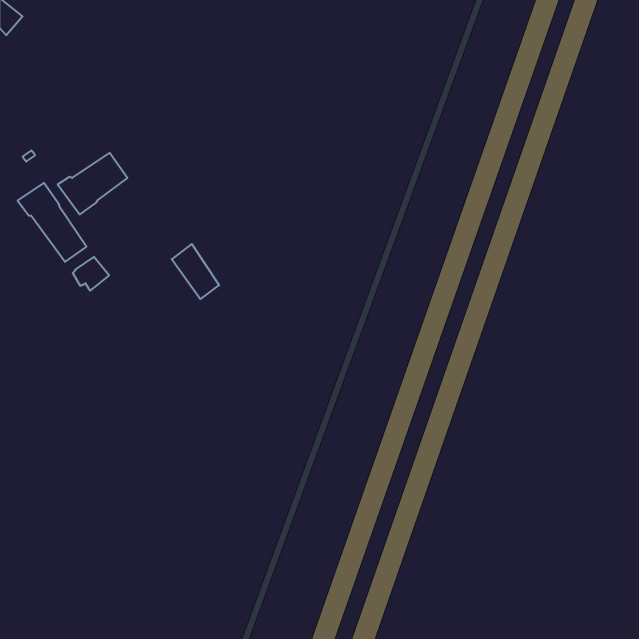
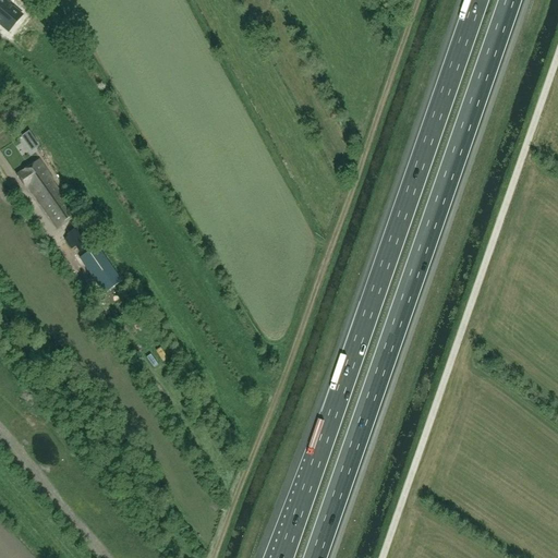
building: [58,153,127,214] -> none
building: [172,244,219,299] -> [78,244,120,292]

